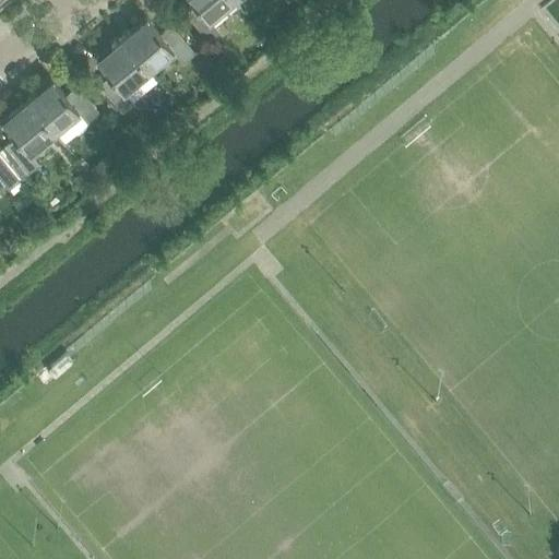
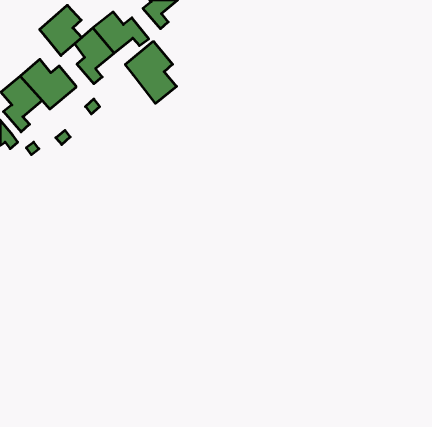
building: none -> [40,5,82,56]
building: none -> [125,42,177,103]

